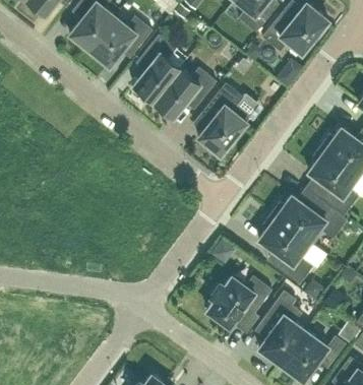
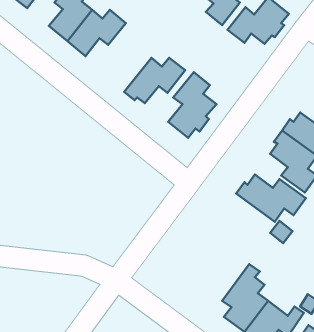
building: [133,37,180,106] -> none
building: [258,215,313,284] -> none
building: [206,276,271,328] -> none

